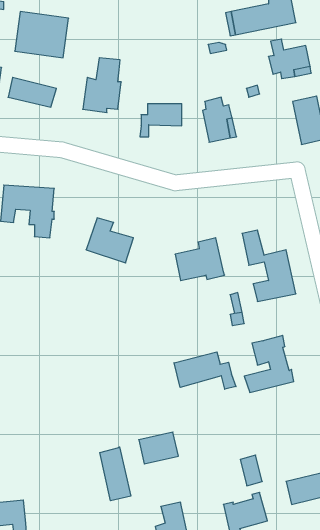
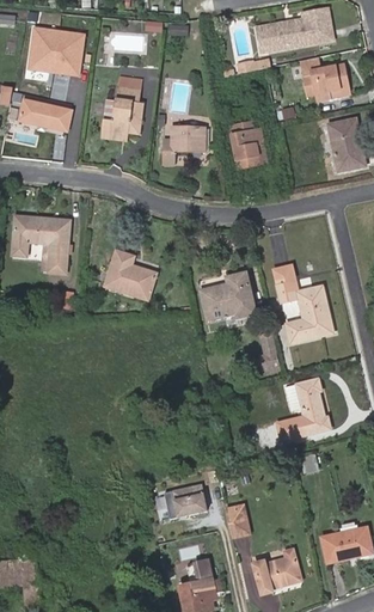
building: [174,352,236,389] -> none
building: [100,447,131,501] -> none
building: [240,455,262,486] -> [223,504,247,538]

